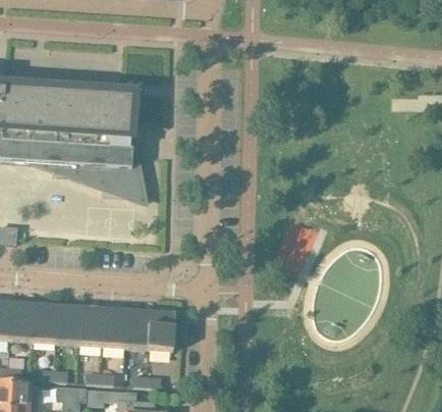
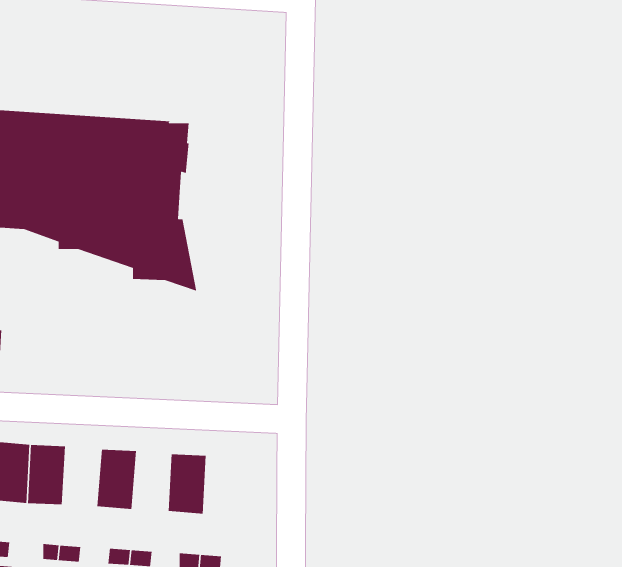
building: [54,303,79,343] -> none
building: [100,306,125,346] -> none
building: [147,309,173,349] -> none

